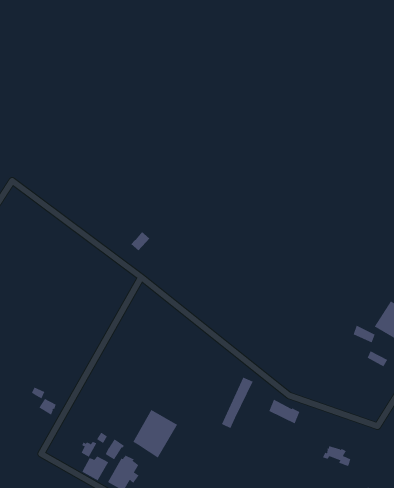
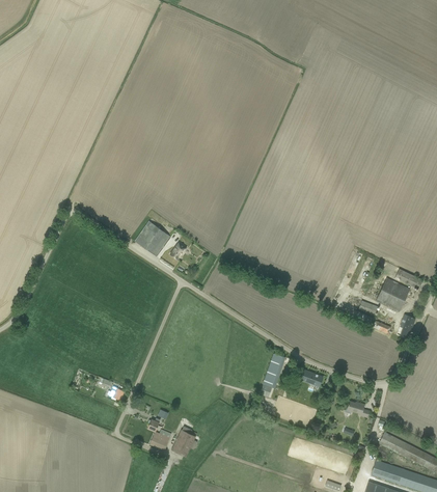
building: none -> [135,221,170,256]
building: [133,409,178,459] -> none

